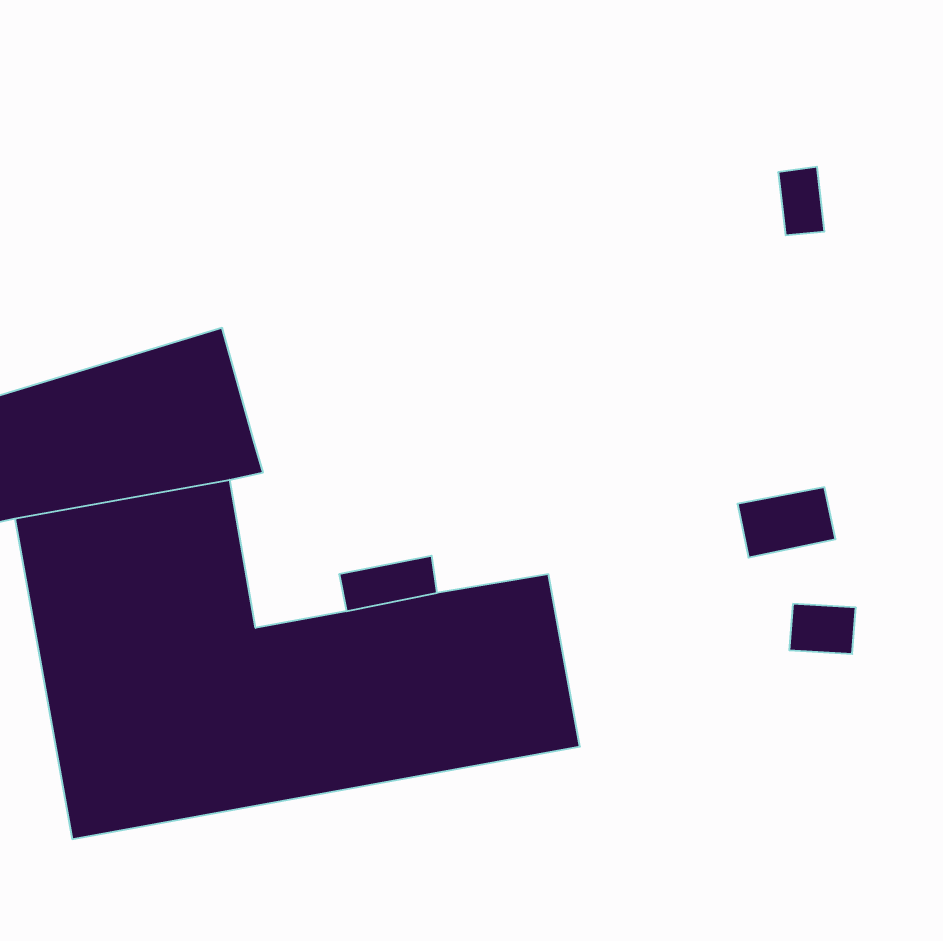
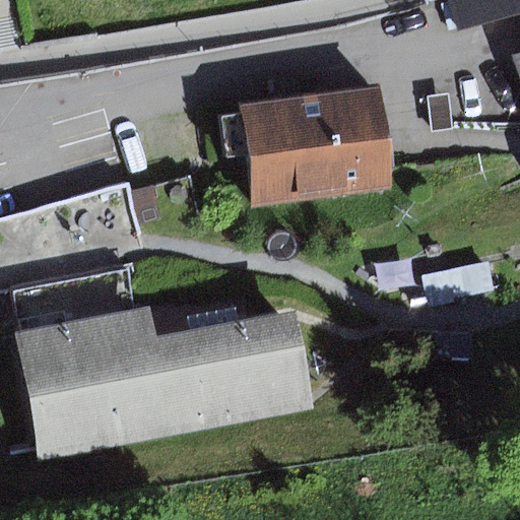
building: none -> [223,85,387,201]

